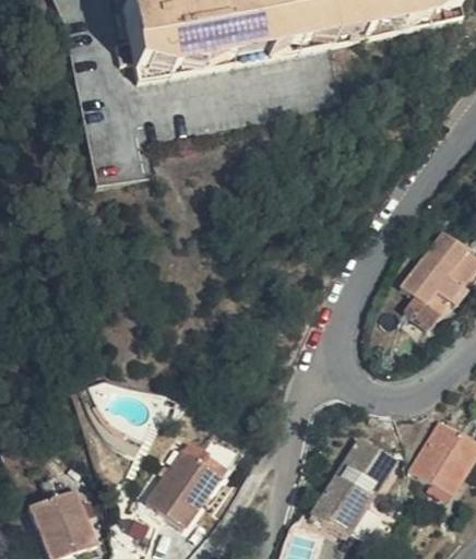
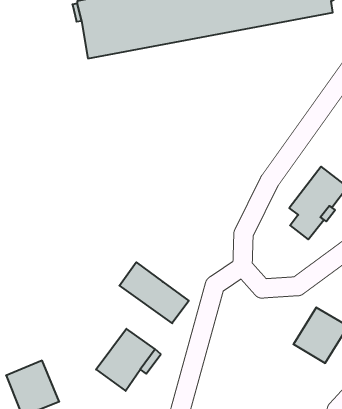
building: none -> [119,262,189,323]
building: [311,433,395,533] -> none

